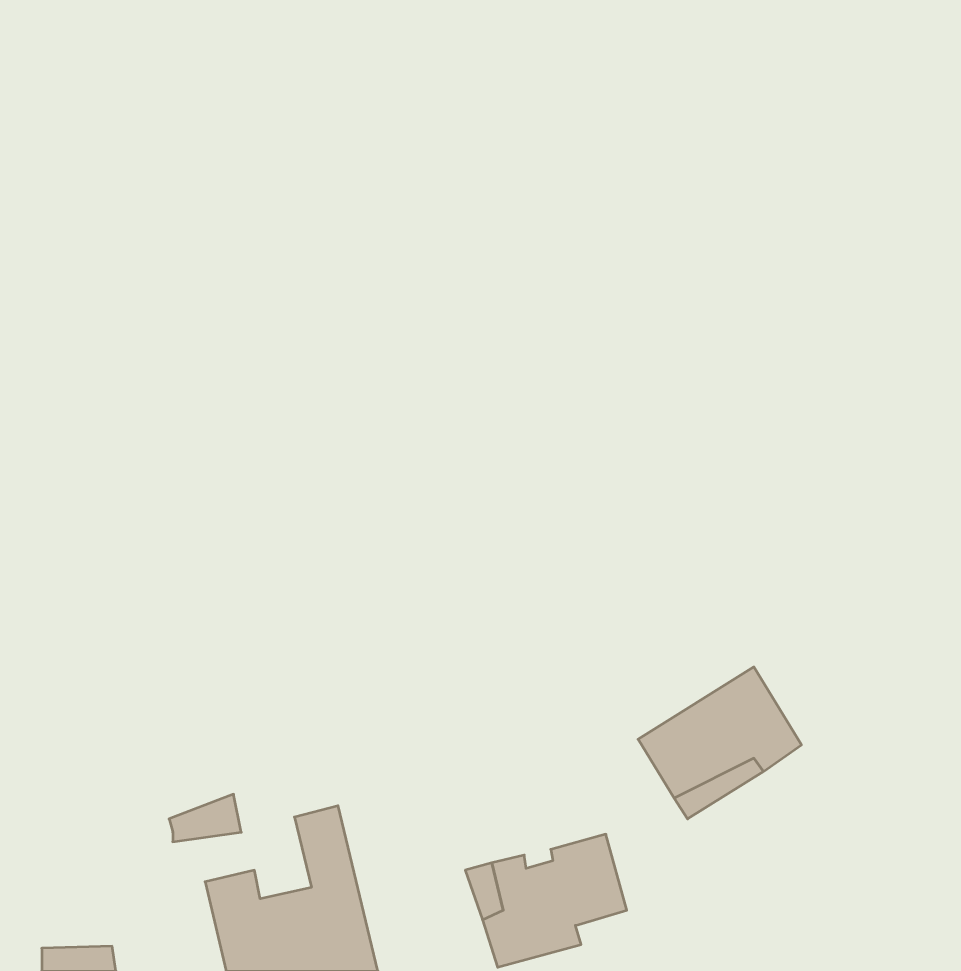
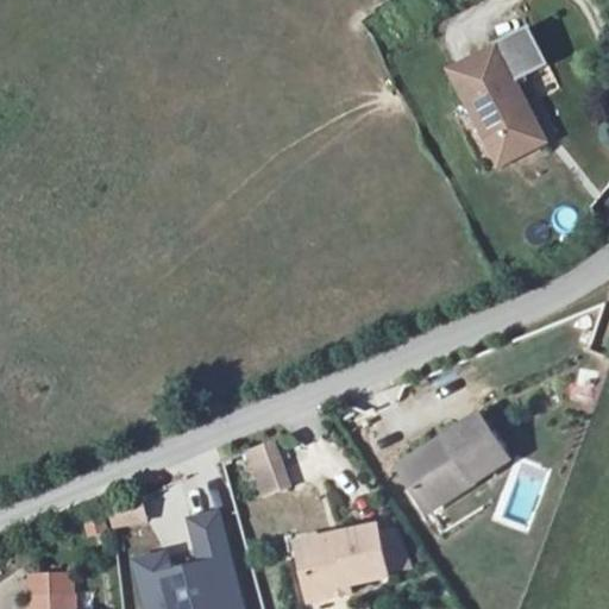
building: none -> [454,25,547,159]
building: none -> [243,441,287,494]

